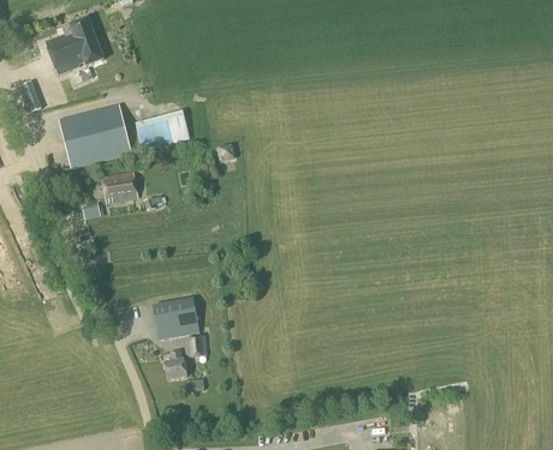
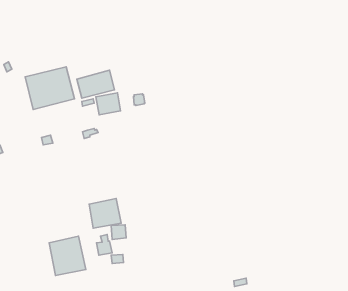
building: [44,17,103,79] -> none
building: [101,170,137,203] -> [96,93,121,115]
building: none -> [49,236,86,276]

